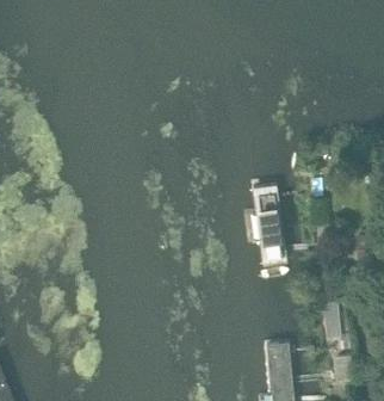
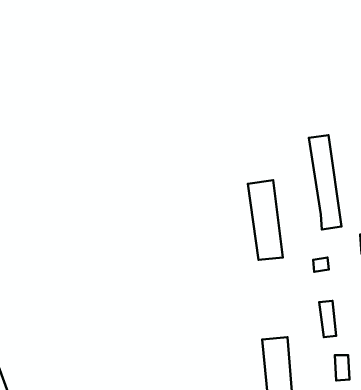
building: none -> [309,135,342,230]

